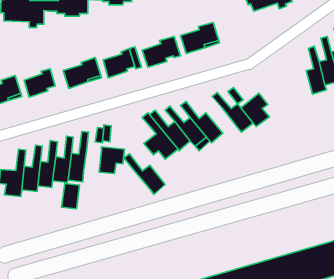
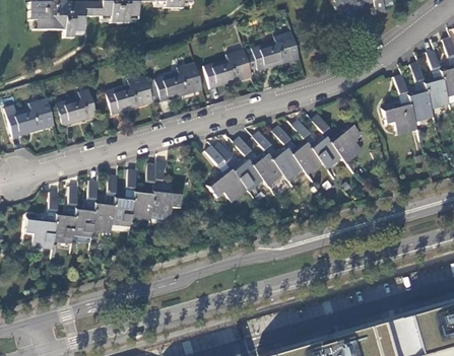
building: none -> [382,74,418,136]
building: [124,154,165,194] -> [271,125,323,175]
building: [62,184,79,209] -> [131,190,153,221]

